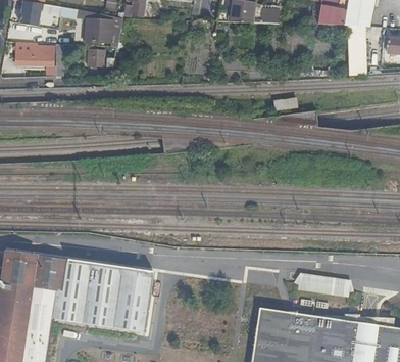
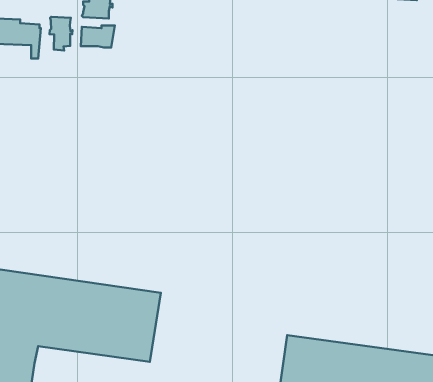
building: none -> [50,17,72,51]

